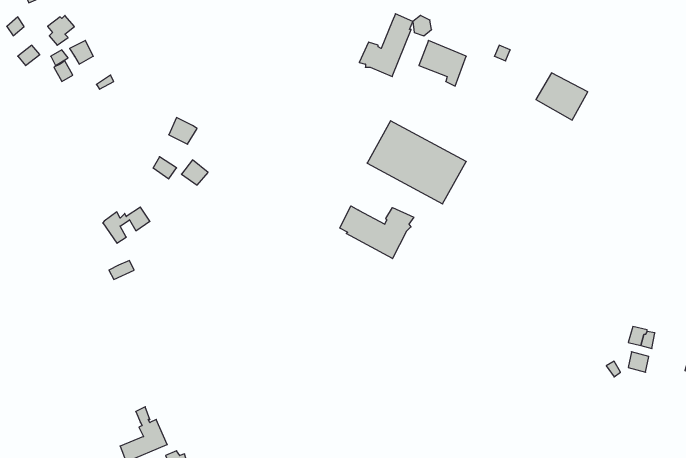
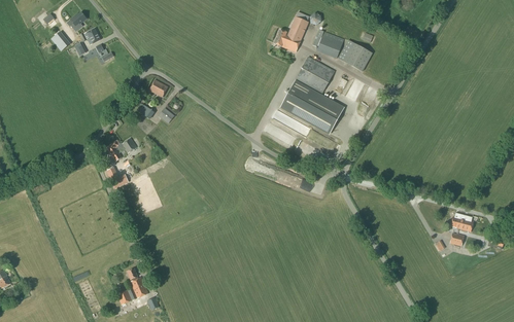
building: [536,73,588,120] -> [338,40,372,71]
building: none -> [296,57,335,95]
building: [340,206,414,259] -> none

